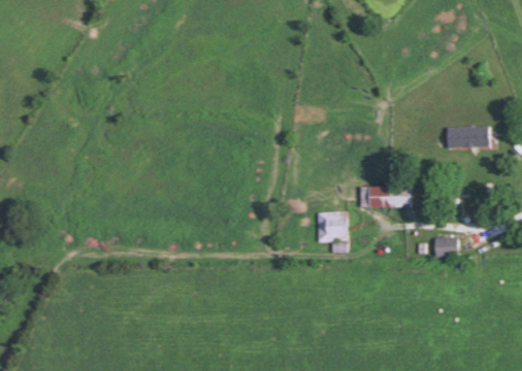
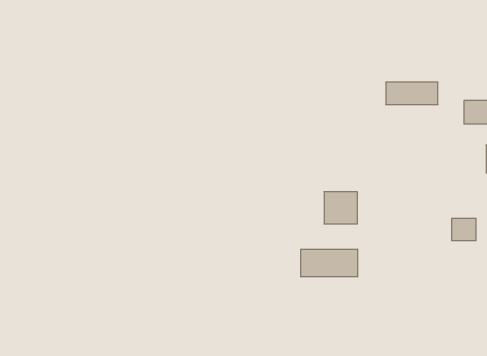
building: [362,187,411,207] -> [386,82,438,105]
building: none -> [301,249,358,277]

